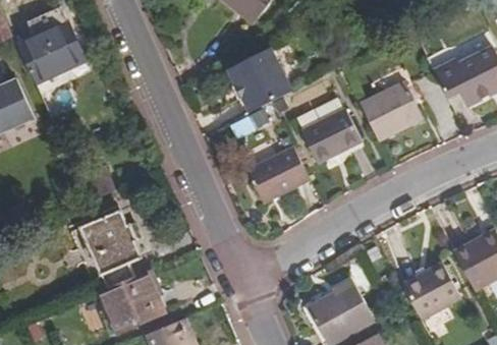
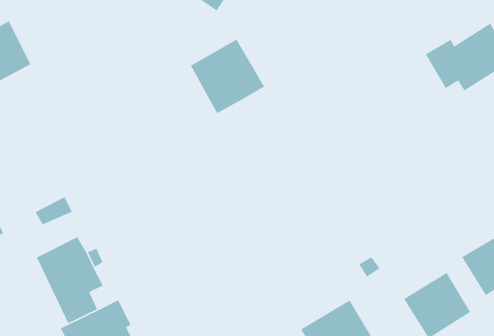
building: [358,79,423,140] -> none
building: [294,102,368,169] -> none
building: [247,147,309,199] -> none

